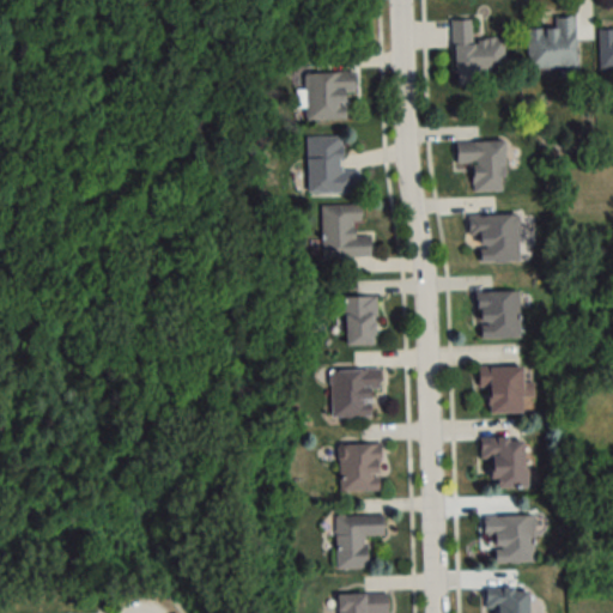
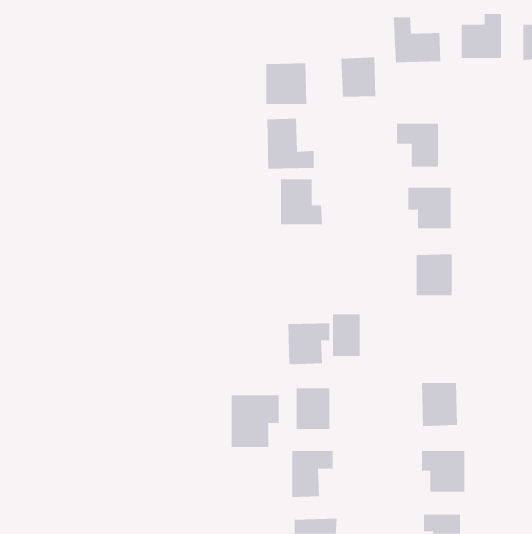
building: none -> [341,56,376,97]
building: [346,297,378,346] -> [332,314,361,357]
building: [479,368,524,414] -> none
building: none -> [231,395,279,448]

